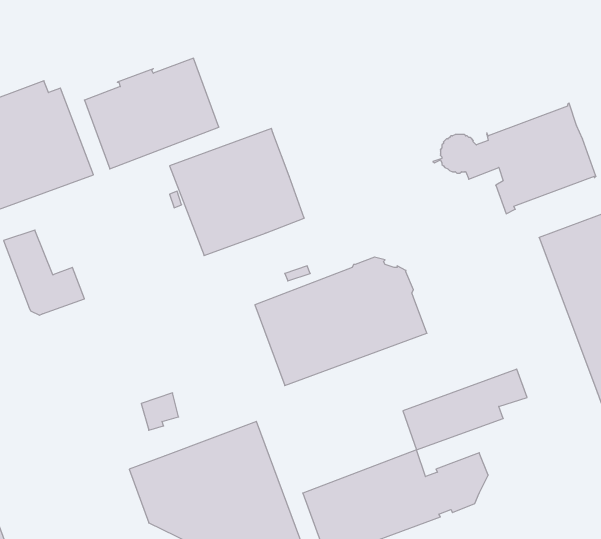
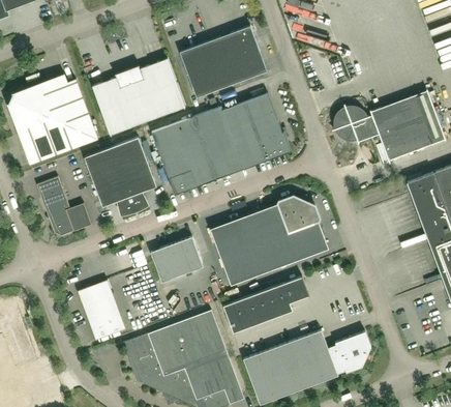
building: none -> [180,26,267,97]
building: none -> [222,93,291,169]
building: none -> [84,137,157,214]
building: none -> [150,236,204,283]
building: [403,369,527,450] -> [223,277,309,332]
building: none -> [78,280,125,340]

